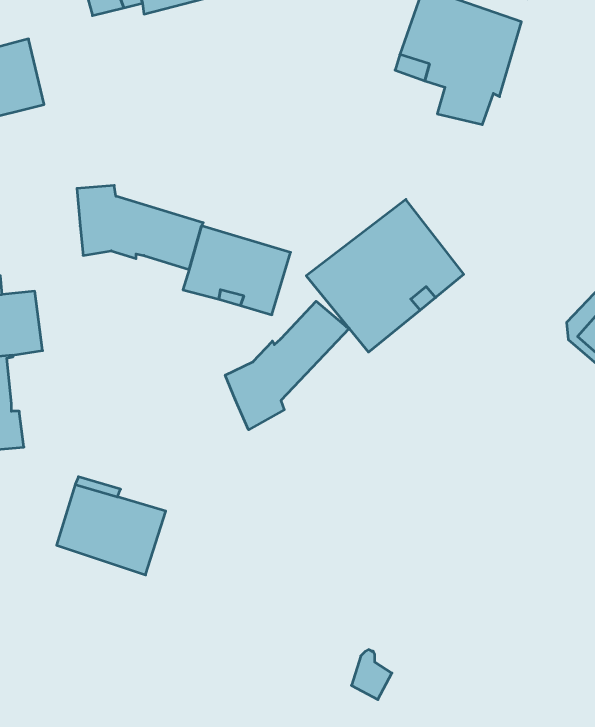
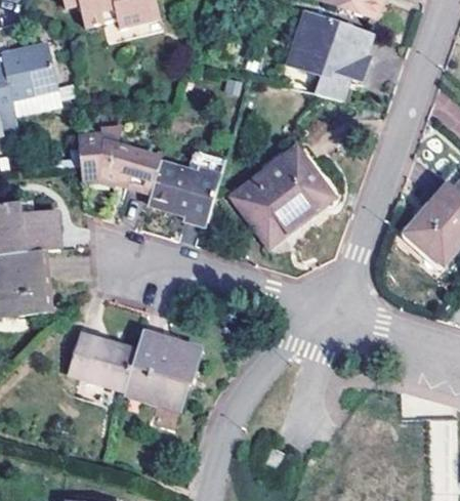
building: [225,301,349,430] -> none
building: none -> [123,337,198,413]

